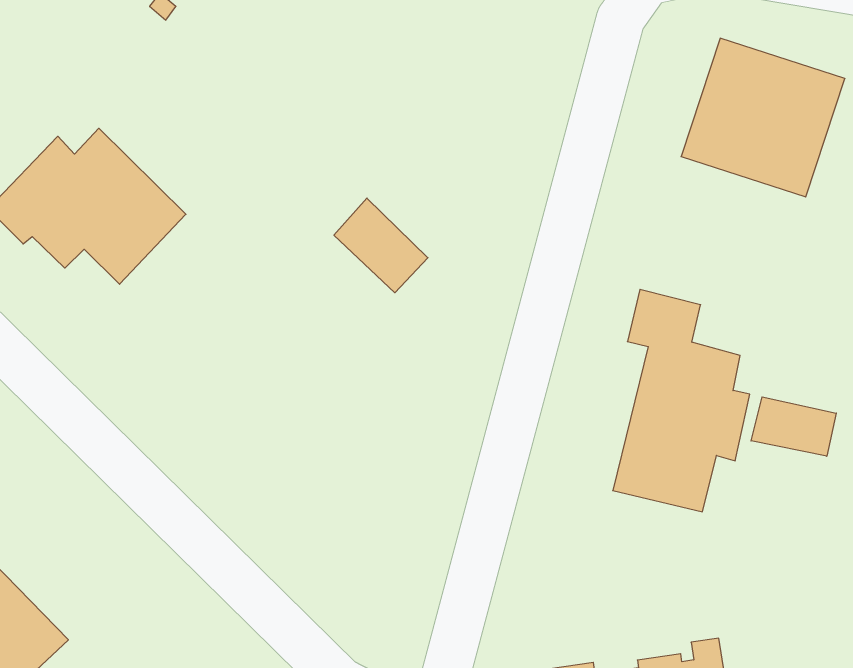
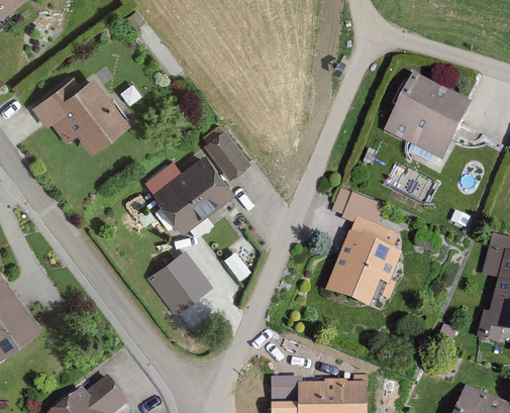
building: none -> [142,154,233,233]
building: [751,397,836,456] -> none
building: none -> [148,243,213,308]

